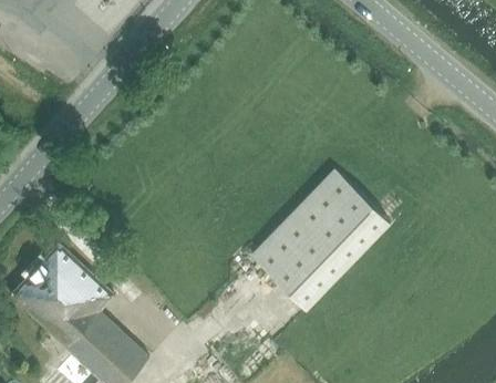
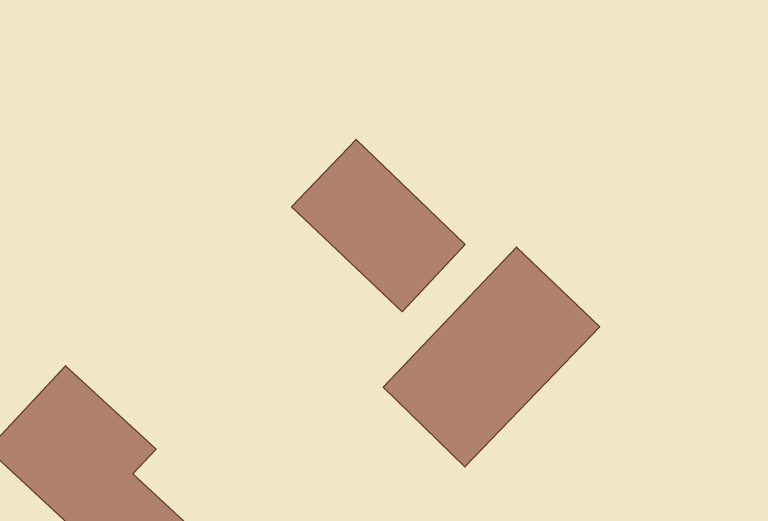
building: none -> [292,139,465,312]

